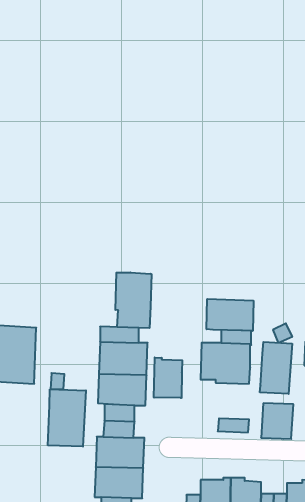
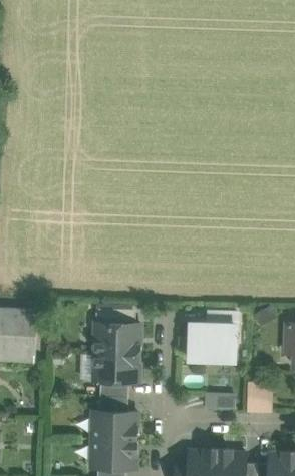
building: [115,272,151,328] -> none
building: [207,299,253,331] -> none
building: [260,342,292,394] -> none
building: [154,357,182,398] -> none
building: [48,389,86,447] -> none

